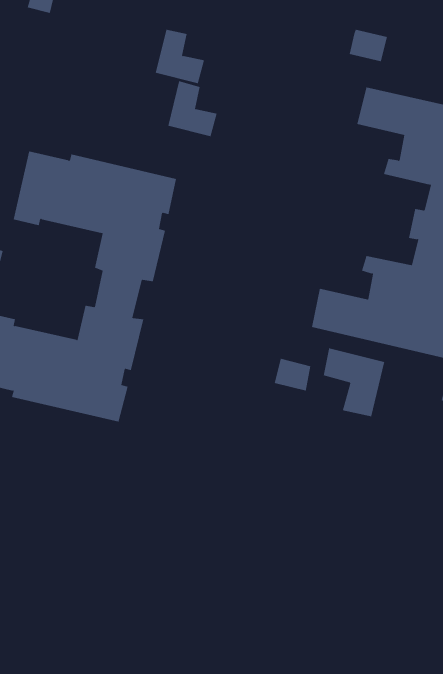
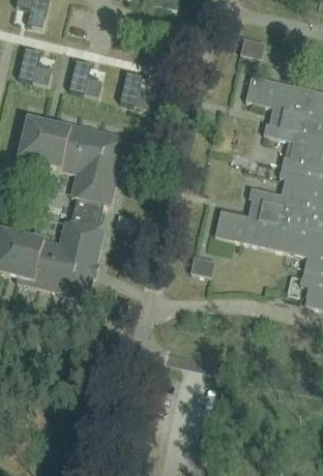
building: [155,29,205,84] -> [68,60,101,96]
building: none -> [18,48,51,84]
building: [323,348,385,417] -> none

